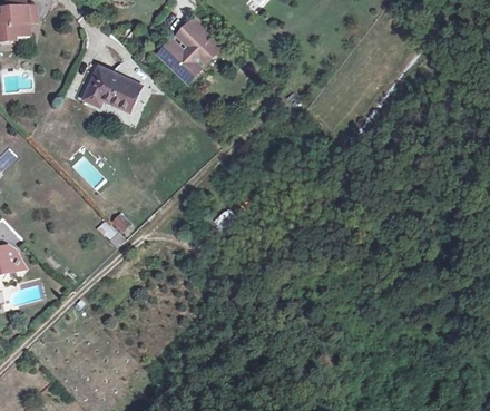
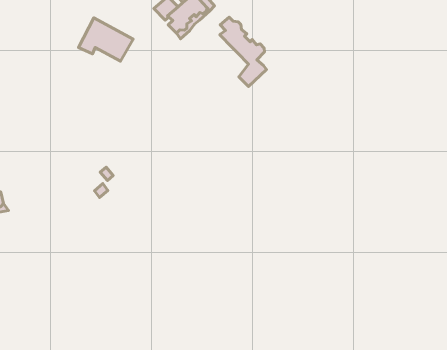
building: none -> [220,17,266,86]

